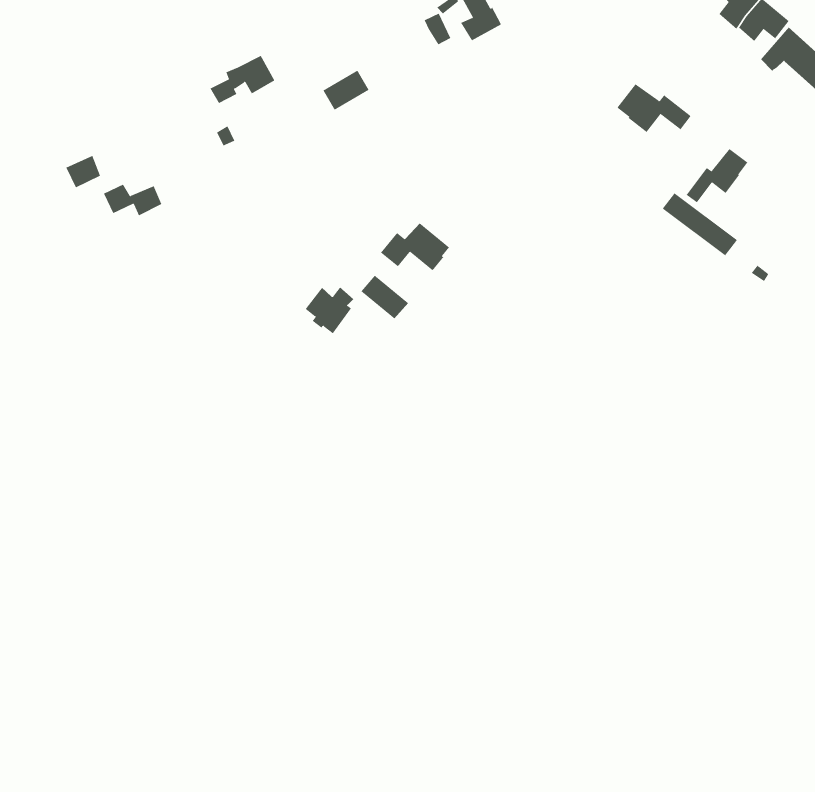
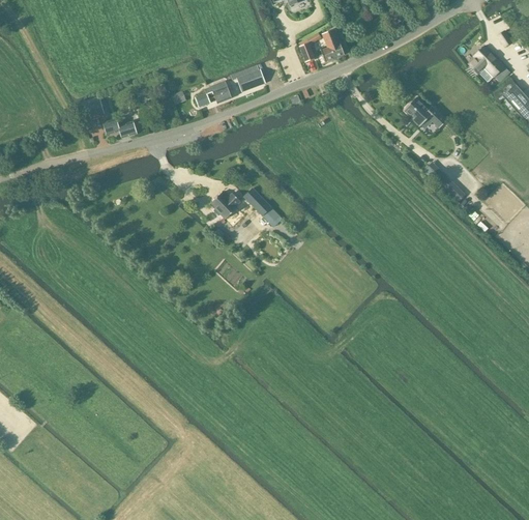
building: [209,55,275,104] -> [194,81,232,106]
building: [686,148,748,203] -> none
building: [380,223,450,271] -> none

